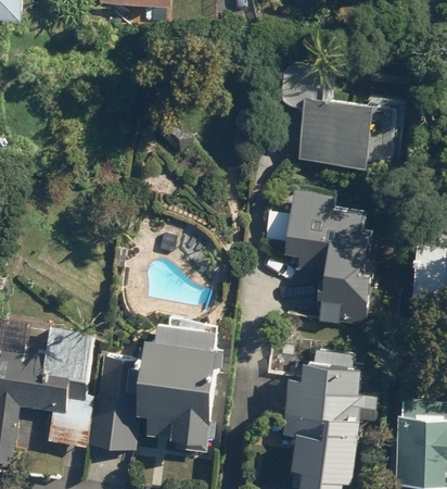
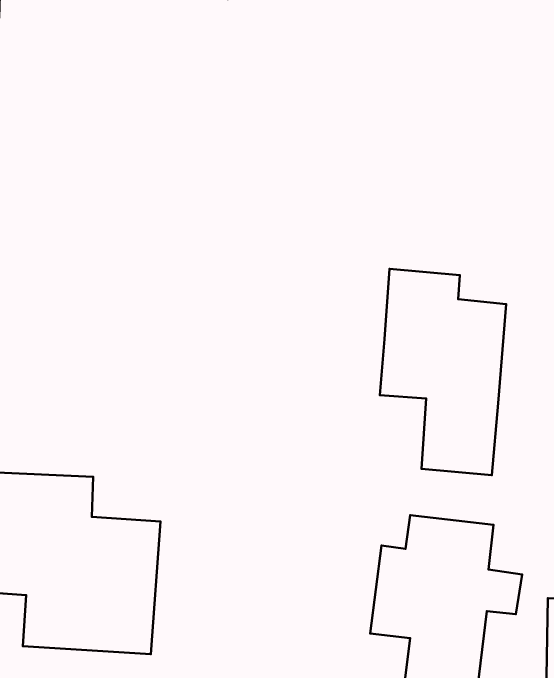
building: [299,91,393,168] -> none
building: [142,319,226,442] -> none

